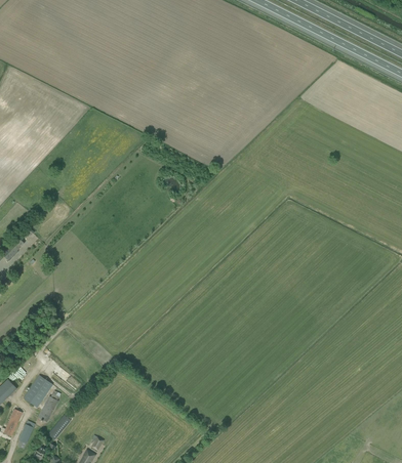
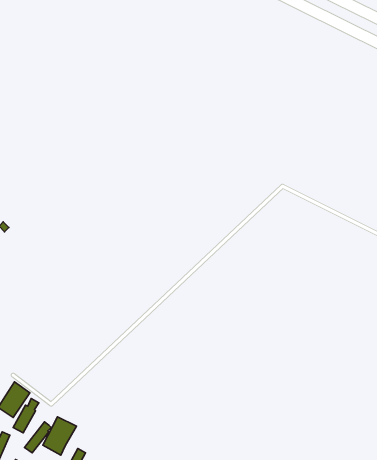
building: none -> [43,417,77,455]

